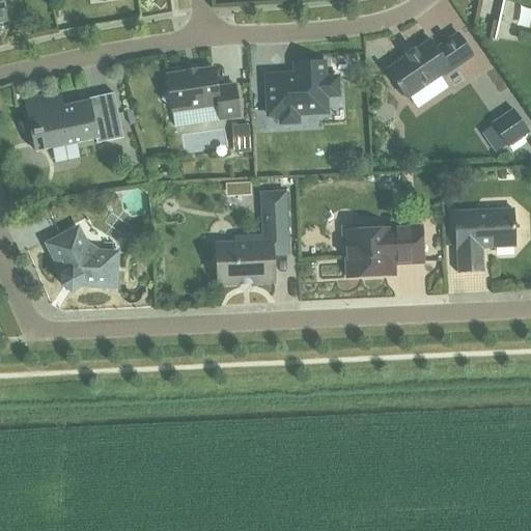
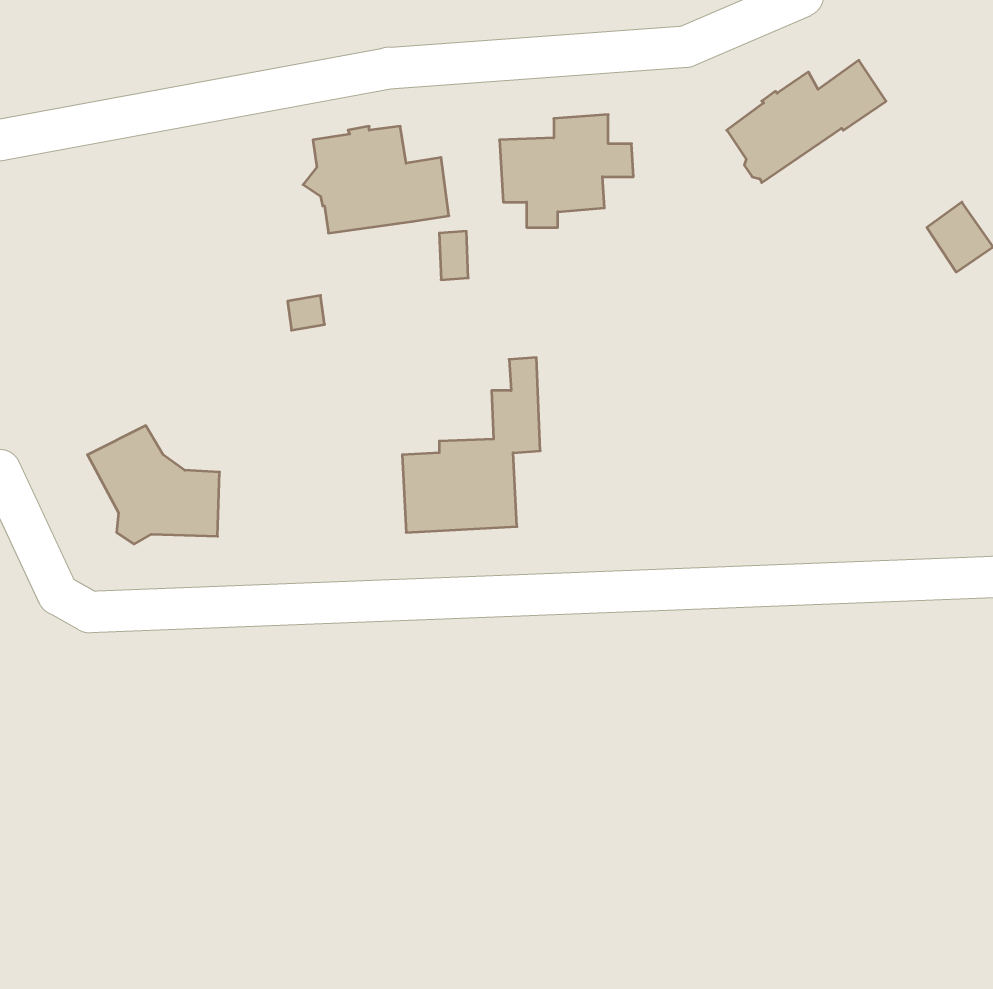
building: [26,92,123,149] -> none
building: [454,209,516,272] -> none
building: [342,225,424,277] -> none

